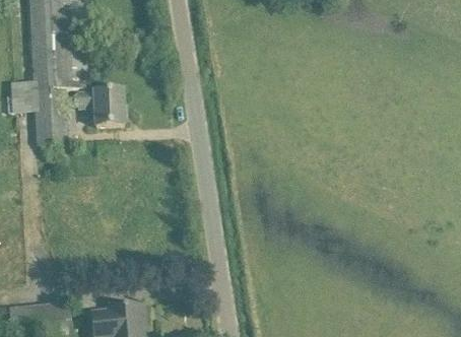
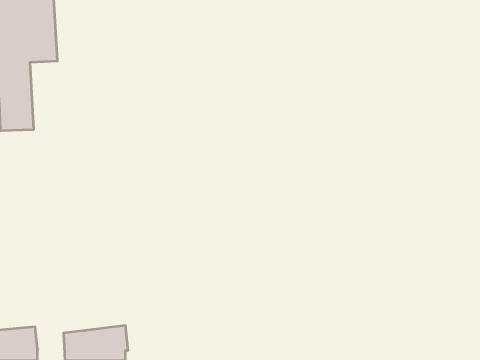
building: [78,88,123,124] -> none

